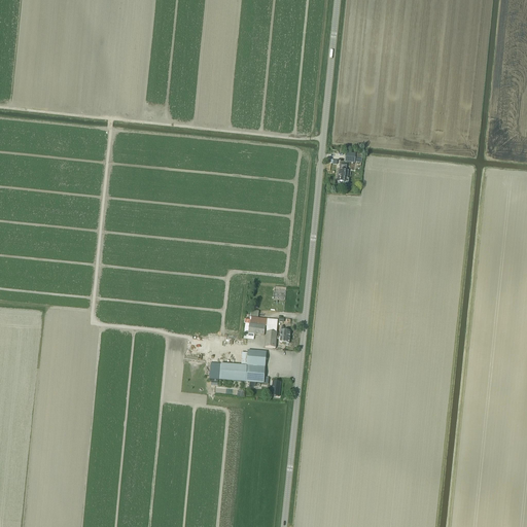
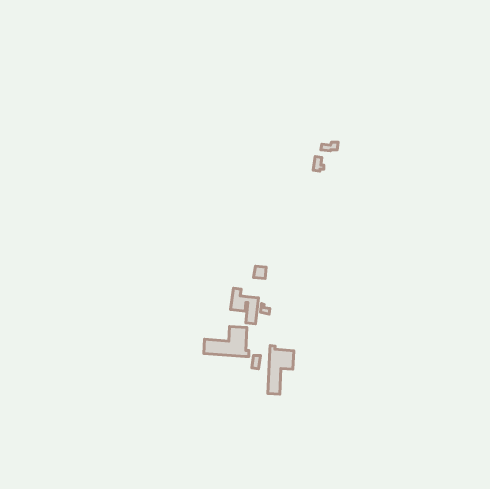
building: none -> [268,346,294,394]

